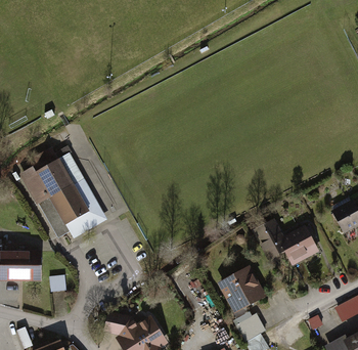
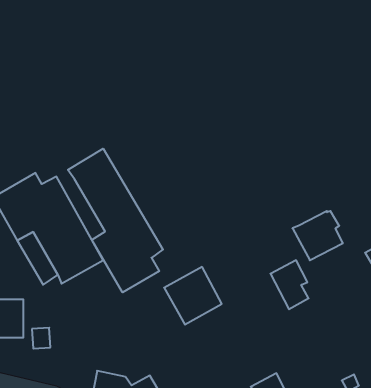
building: none -> [68,149,163,292]
building: [277,225,319,266] -> [292,211,343,260]
building: [218,265,266,313] -> [164,267,222,325]

